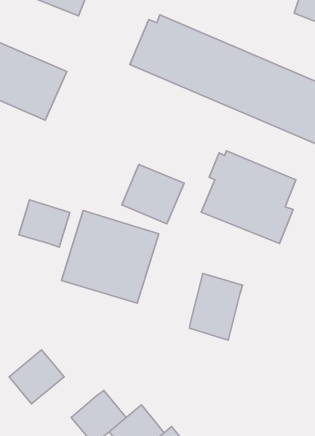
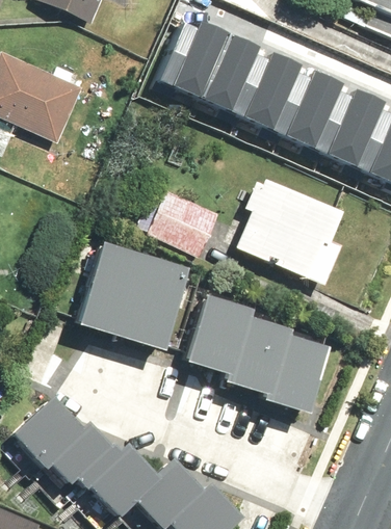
building: [19,200,70,247] -> none
building: none -> [180,297,241,373]
building: none -> [265,341,327,417]
building: none -> [51,427,116,492]

